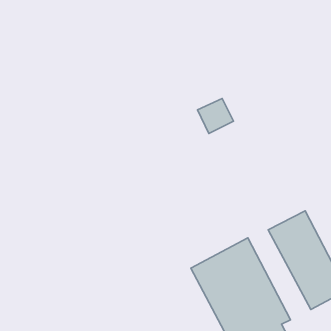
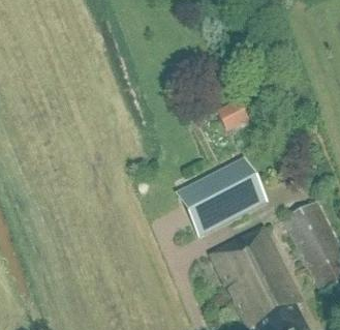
building: none -> [184,161,261,230]

